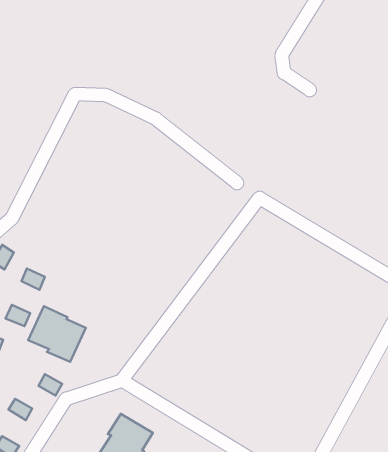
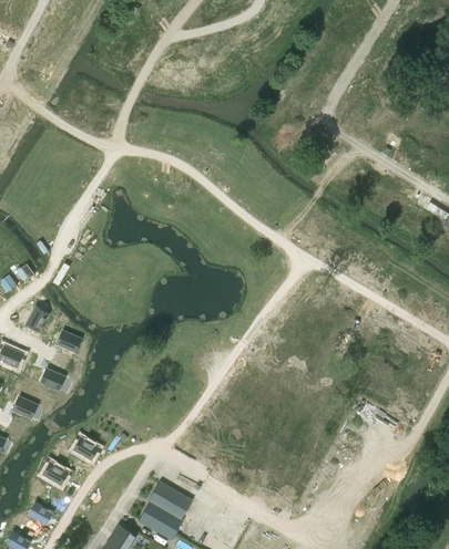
building: [28,306,86,362] -> none

